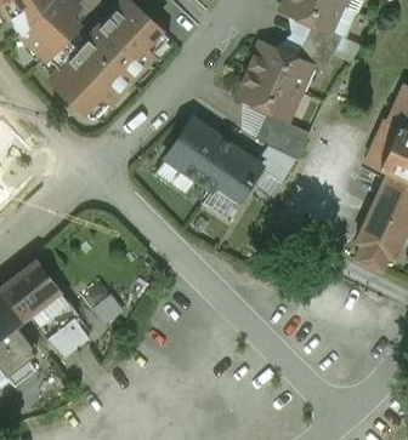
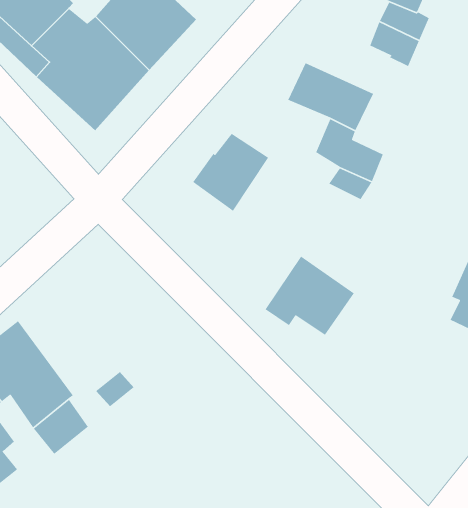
building: [249,42,312,92] -> none
building: [196,139,262,199] -> [265,255,355,336]

